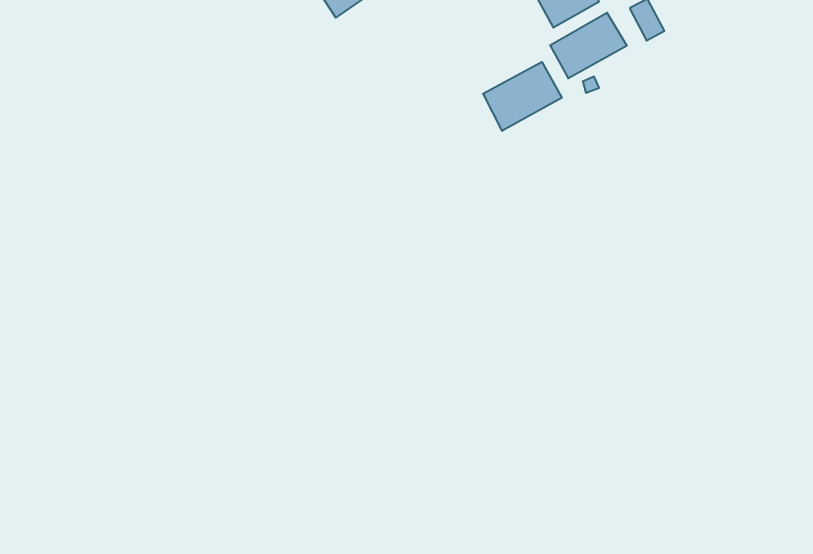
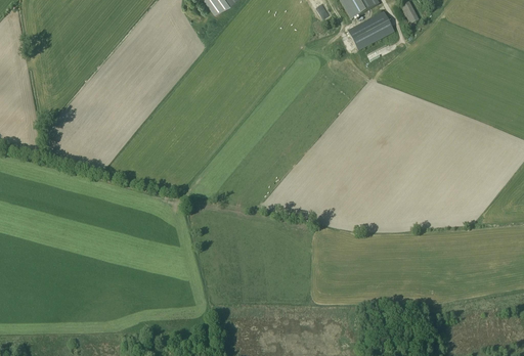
building: [483,62,562,131] -> none

